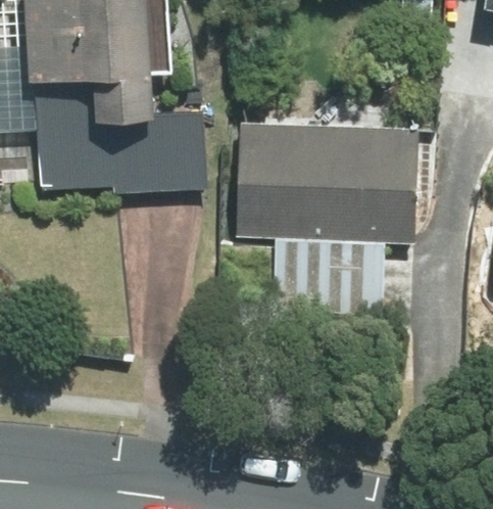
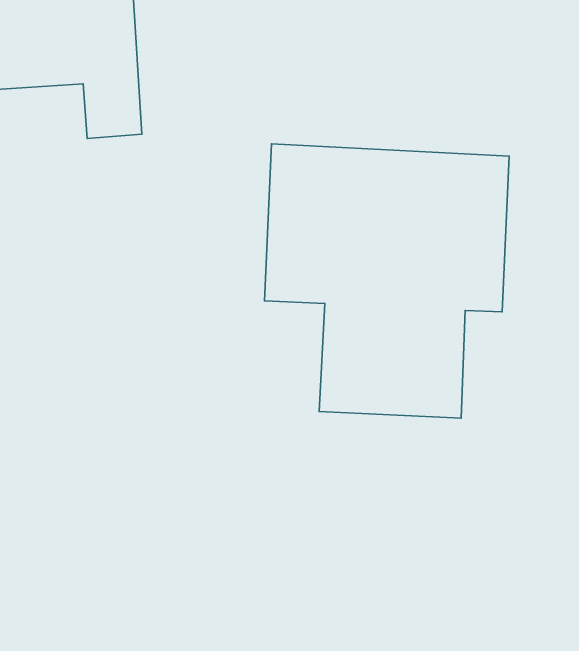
building: [43,87,204,193] -> none

